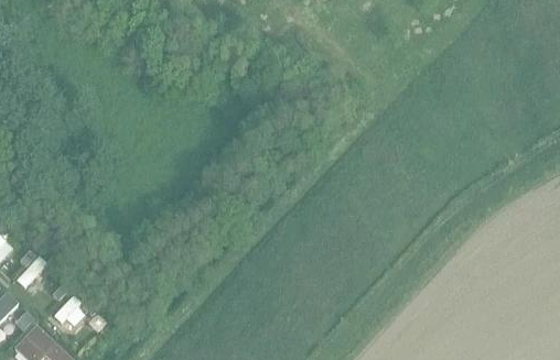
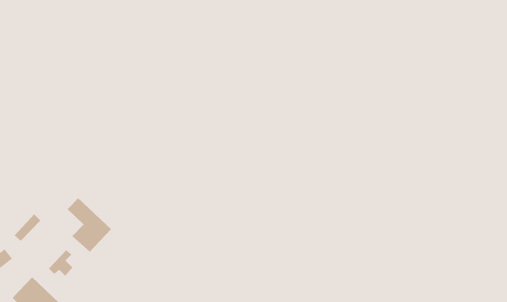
building: none -> [67,197,112,252]

